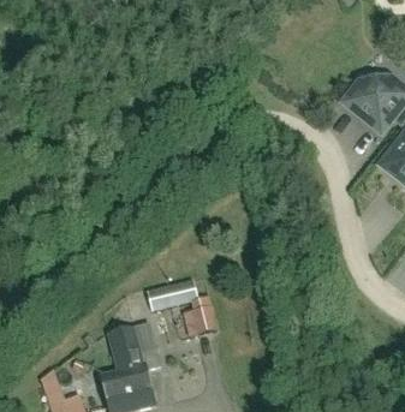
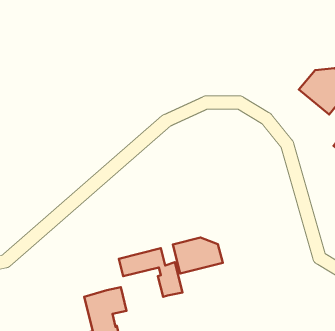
building: none -> [173,238,223,274]

